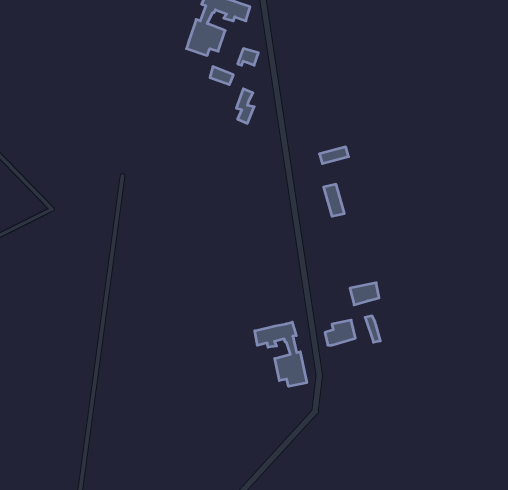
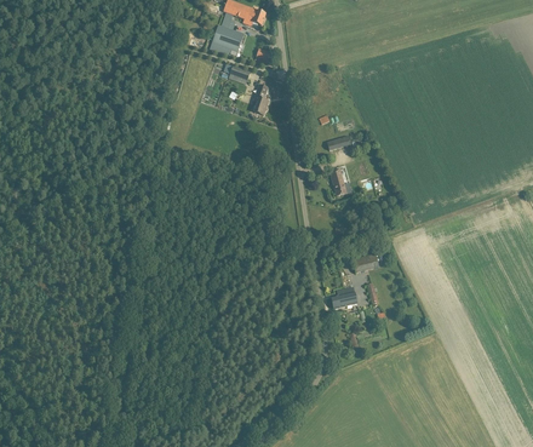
building: [255,322,307,386] -> none

